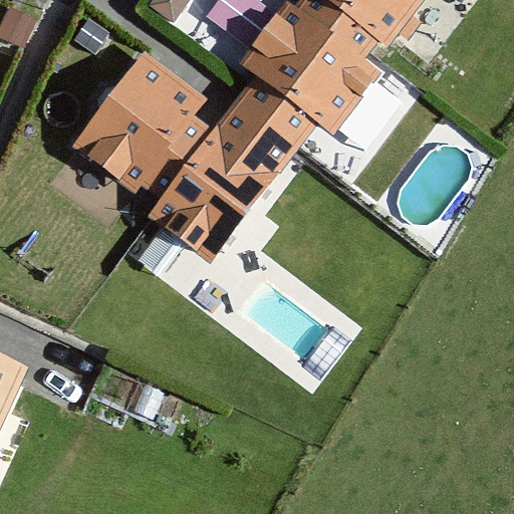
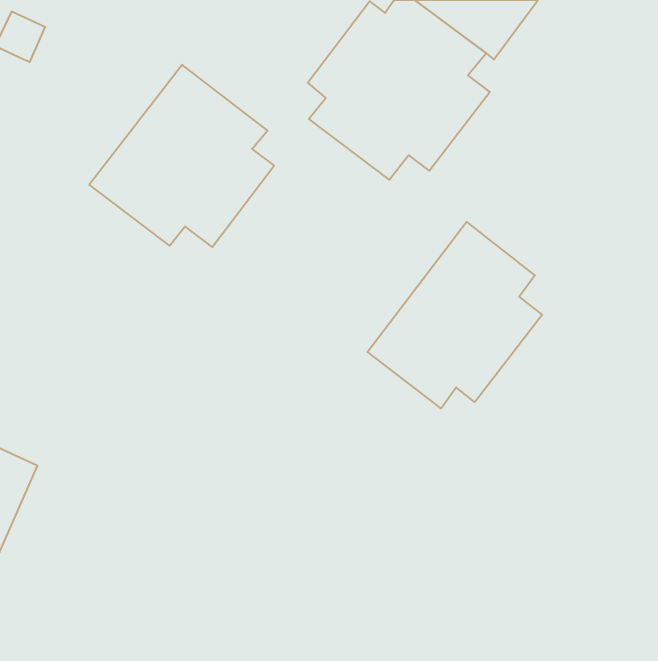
building: [149,92,302,259] -> none
building: none -> [367,222,542,408]

